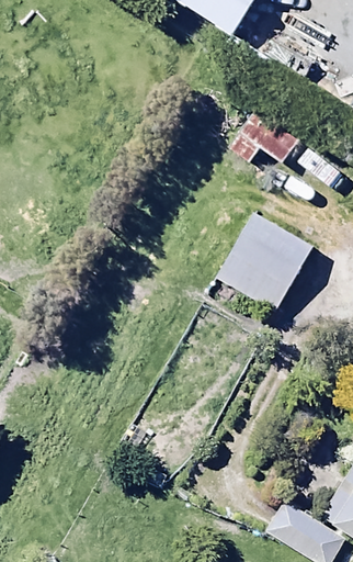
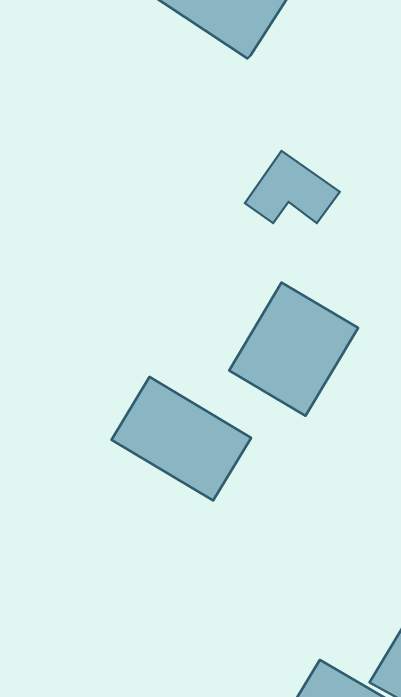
building: none -> [112,377,251,501]

